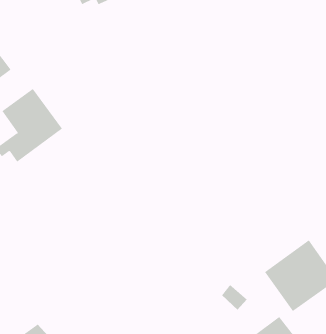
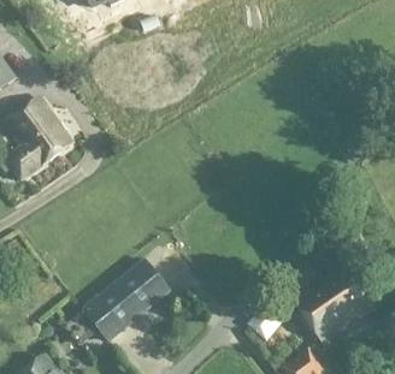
building: none -> [86,260,169,339]

